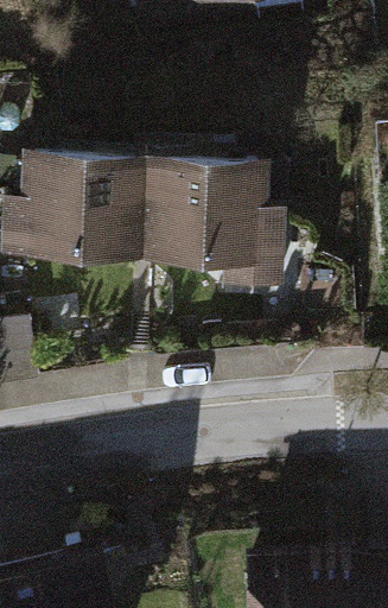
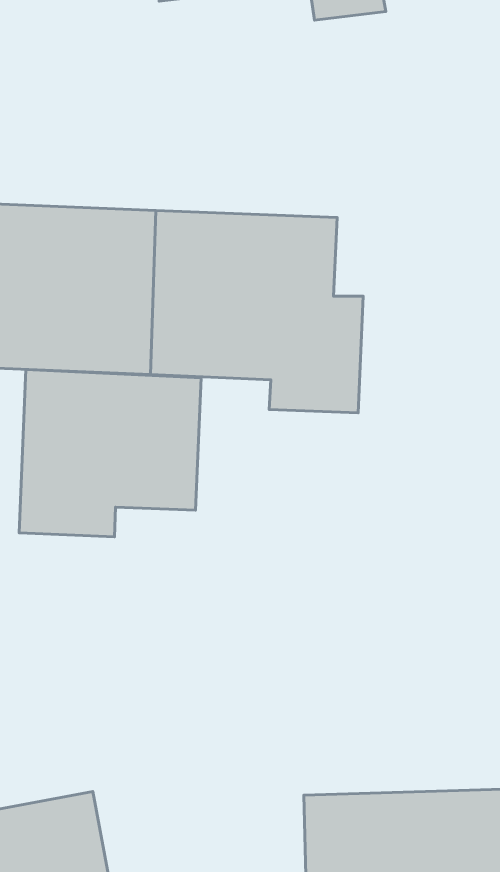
building: none -> [19,369,201,537]

